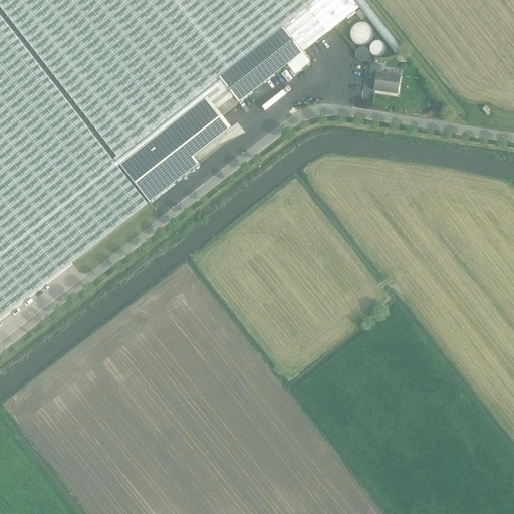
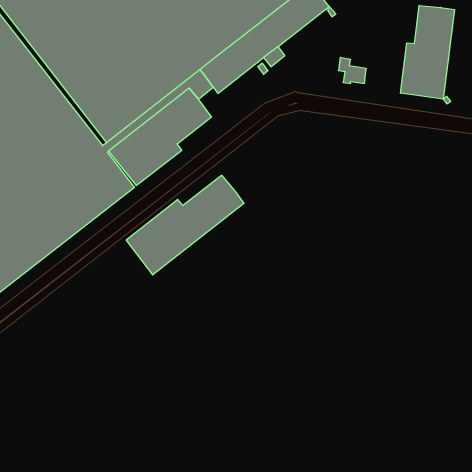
building: none -> [401,5,454,99]
building: none -> [126,175,244,275]

